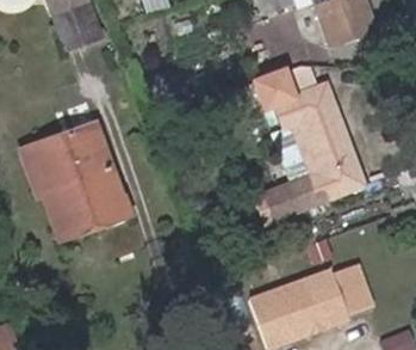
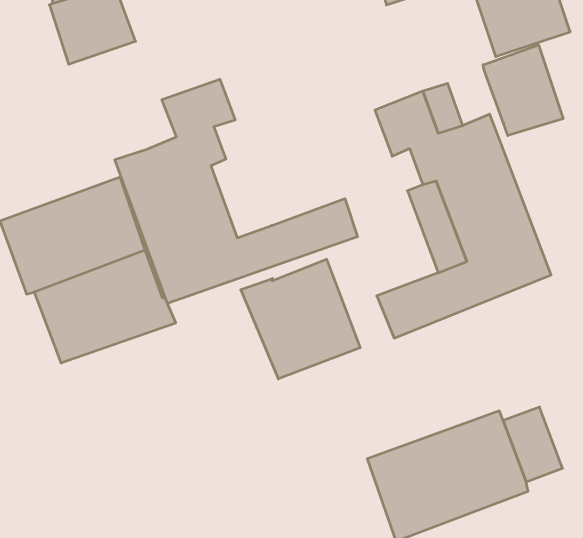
building: none -> [483,45,563,136]
building: none -> [115,79,357,303]
building: none -> [241,259,360,379]

